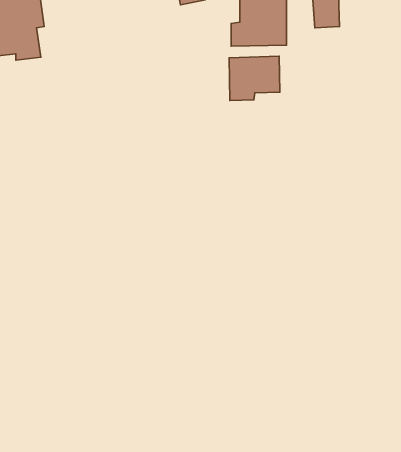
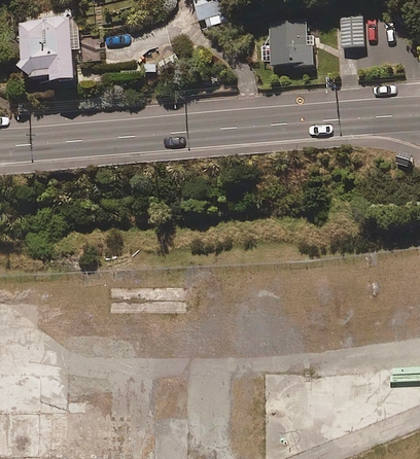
building: [229,56,280,101] -> none

